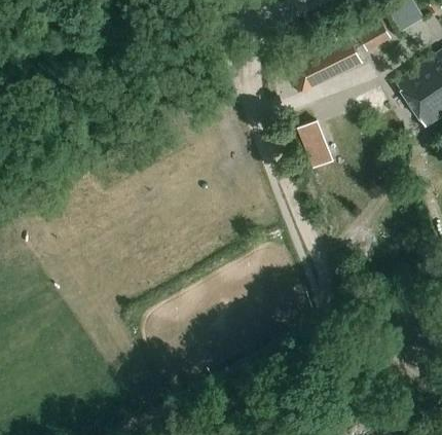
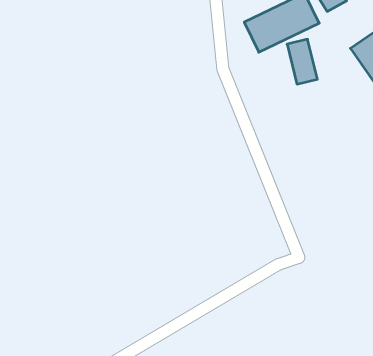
building: [301,117,333,165] -> [287,39,317,84]

